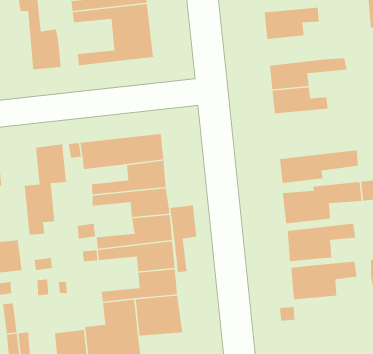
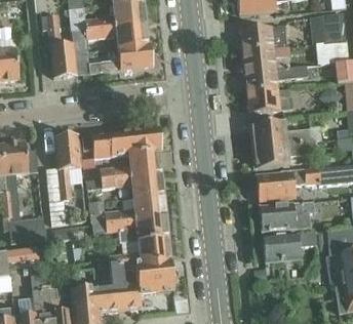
building: none -> [242,48,288,72]
building: none -> [249,120,321,148]
building: [170,205,197,273] -> none

